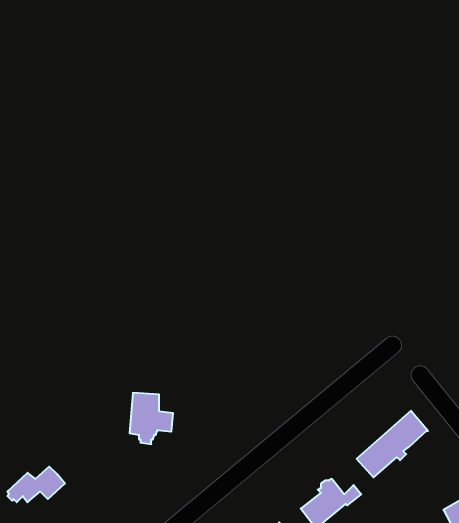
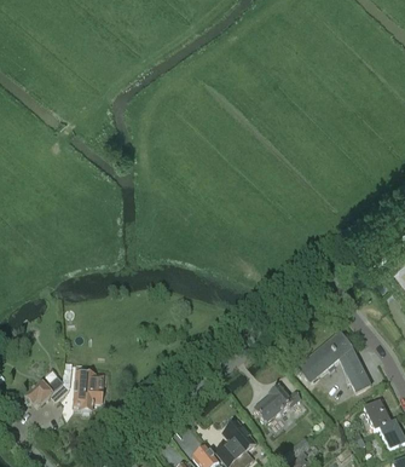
building: [130,393,173,444] -> [73,373,106,413]
building: none -> [337,347,370,393]

